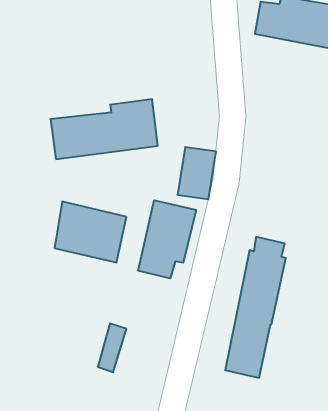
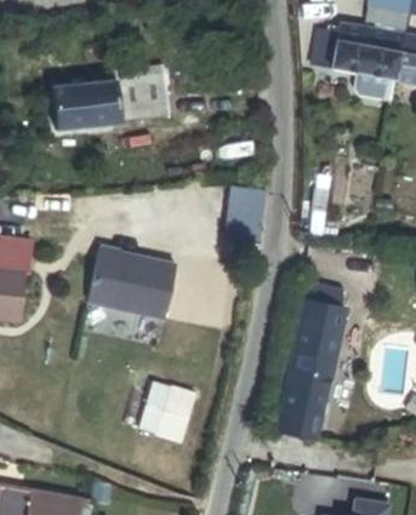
building: [50,99,158,159] -> [52,65,170,131]
building: [138,200,196,278] -> none
building: none -> [158,385,198,440]

